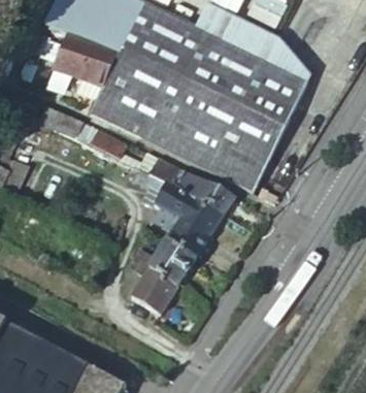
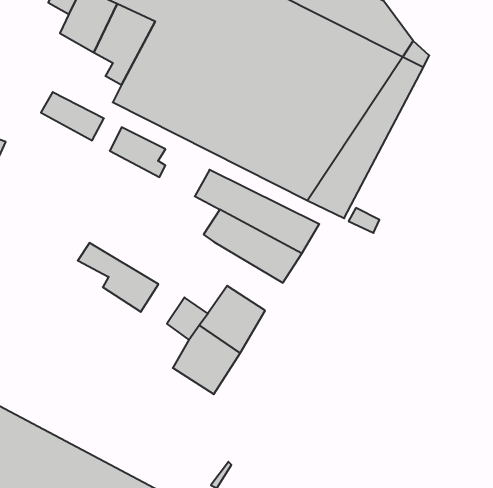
building: [153,207,209,256] -> [78,243,158,312]

